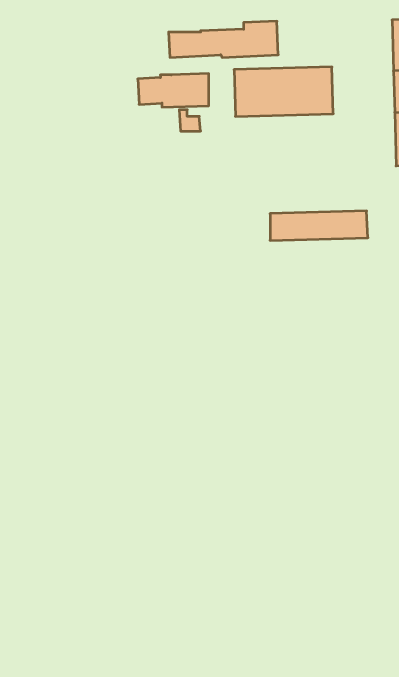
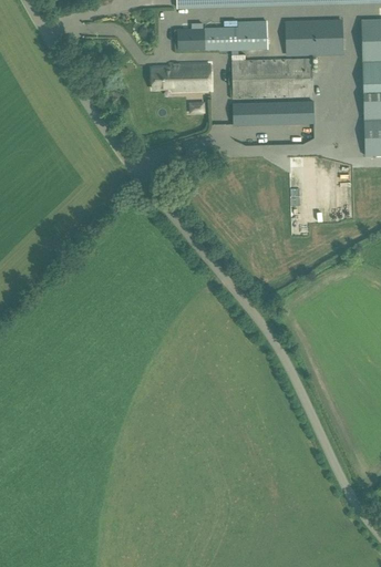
building: none -> [287,19,343,53]
building: [270,211,368,240] -> [234,101,315,125]

